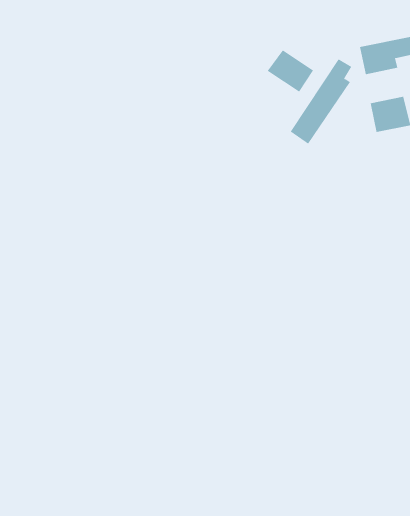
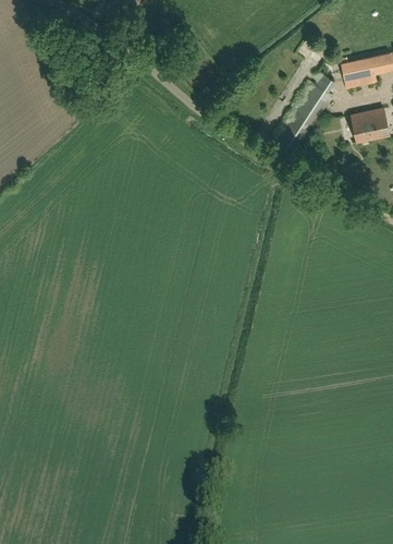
building: [267,49,314,93] -> none

